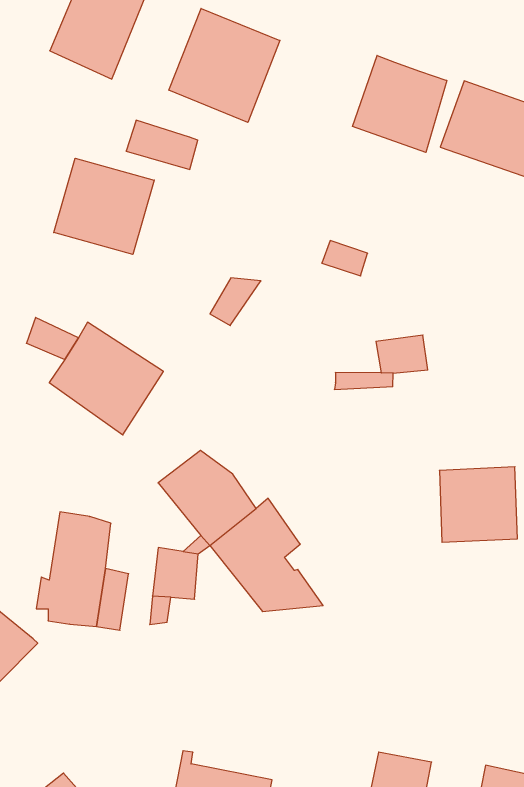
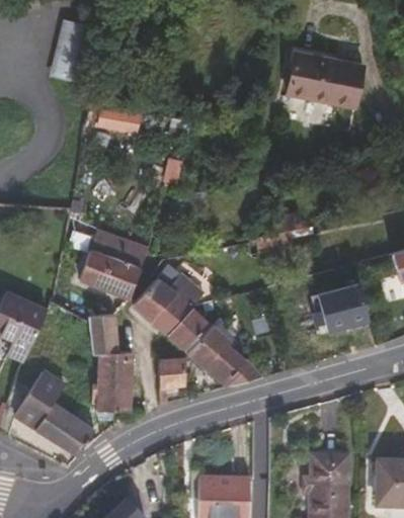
building: [169,8,280,122] -> none
building: [352,55,447,152] -> none
building: [54,158,154,254] -> none
building: none -> [133,267,201,322]
building: none -> [90,313,115,349]

